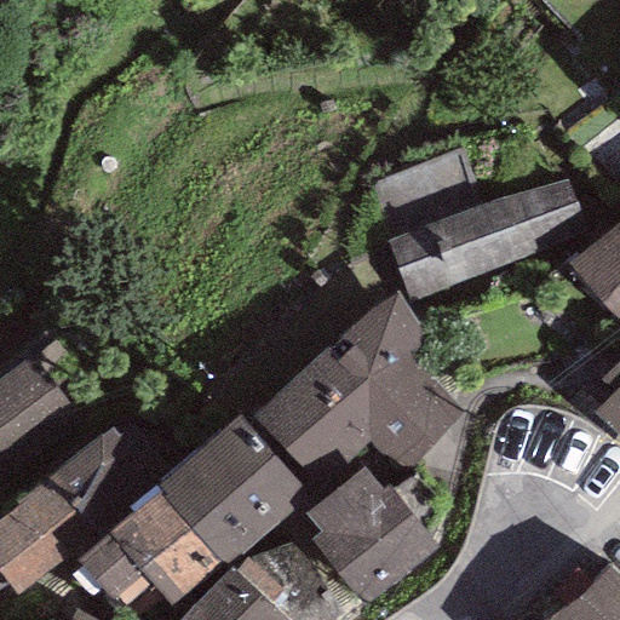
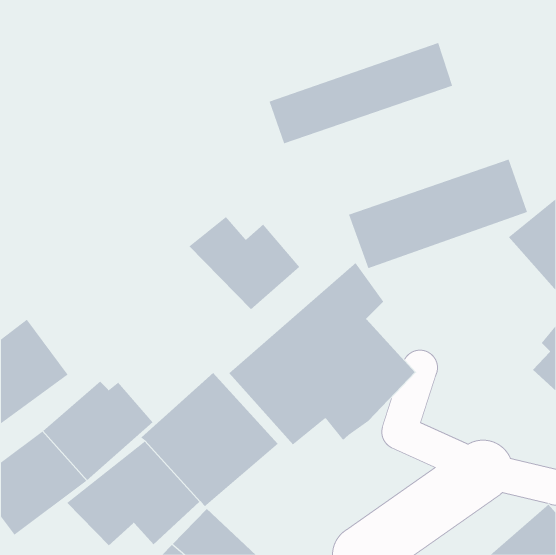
building: none -> [269,42,453,144]
building: none -> [188,216,300,310]
building: [304,466,438,604] -> none

